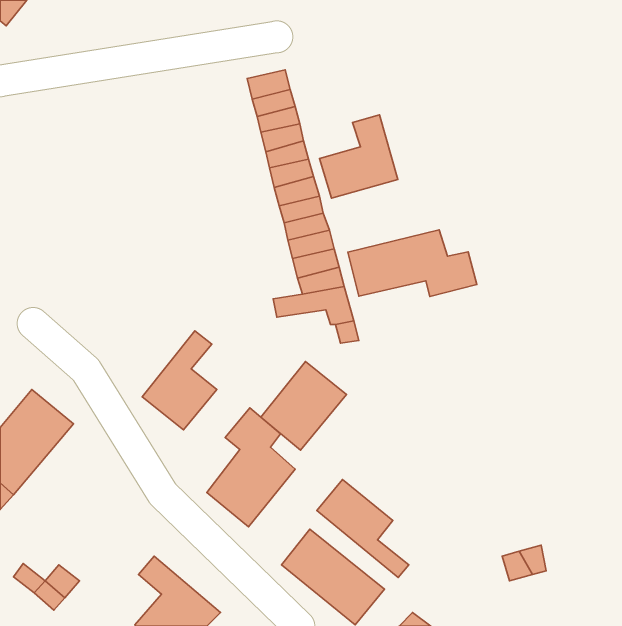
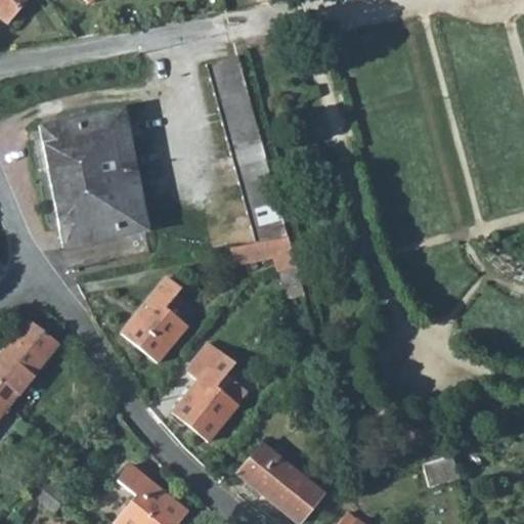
building: [320,115,398,198] -> none
building: none -> [40,108,145,246]
building: [348,230,477,296] -> none
building: [261,362,346,450] -> none
building: [317,479,409,577] -> none

